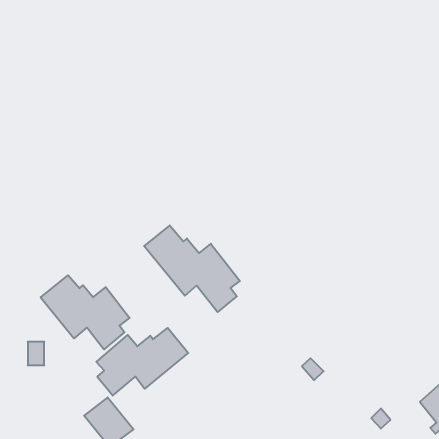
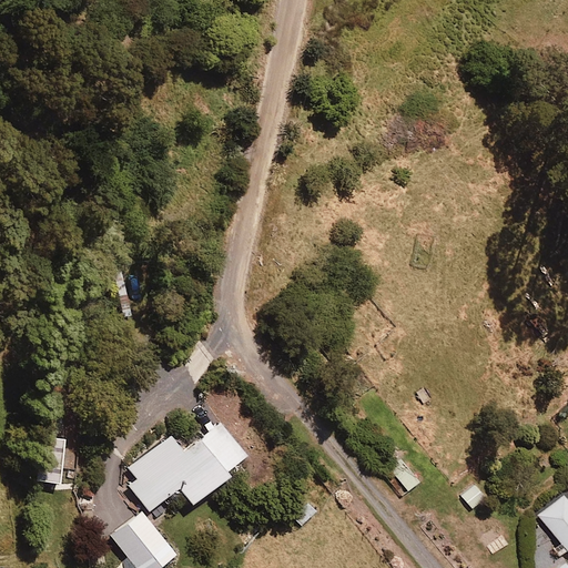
building: [144,225,240,312] -> none
building: [41,275,130,349] -> none

